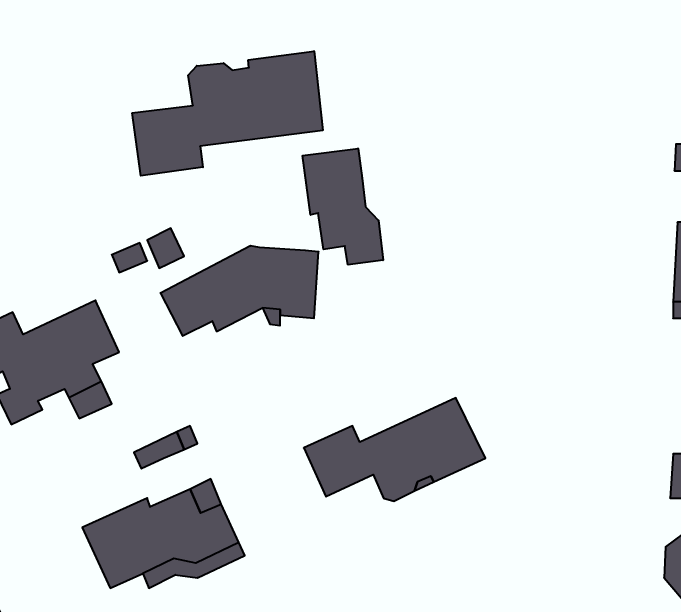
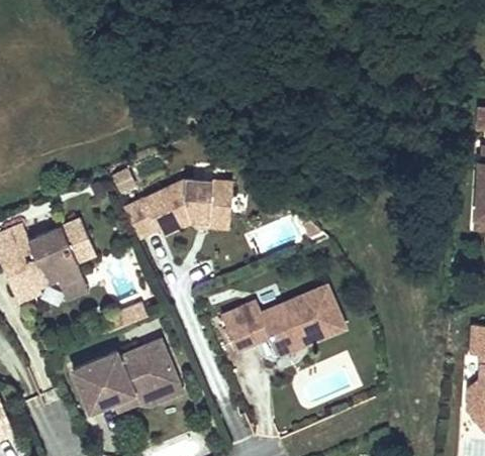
building: [132,51,323,176] -> none
building: [303,148,383,265] -> none

